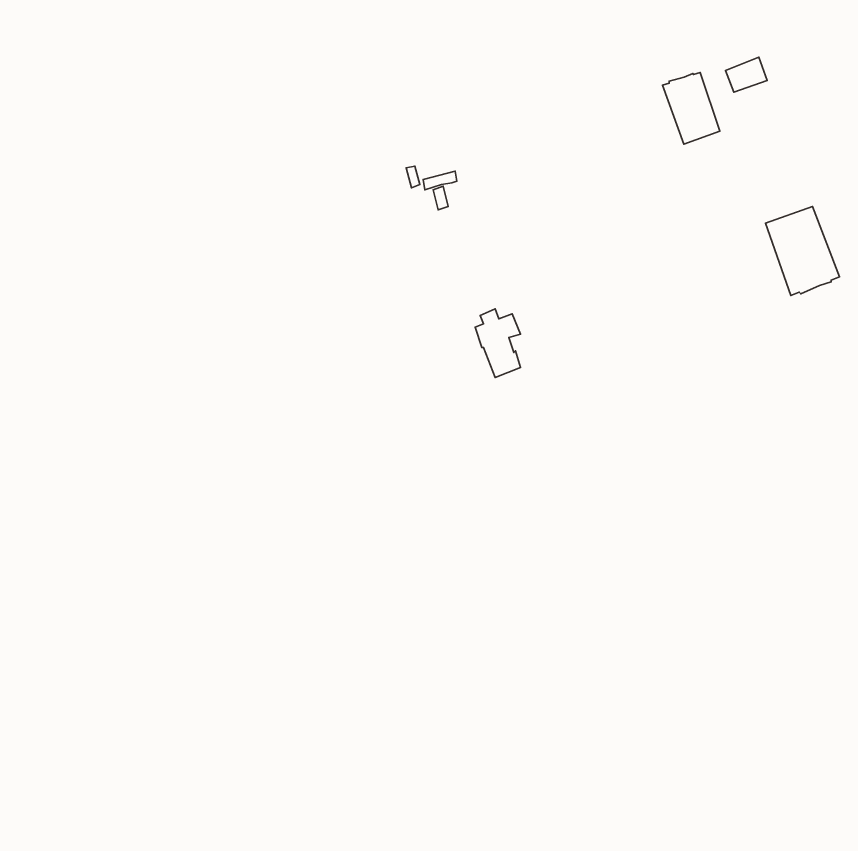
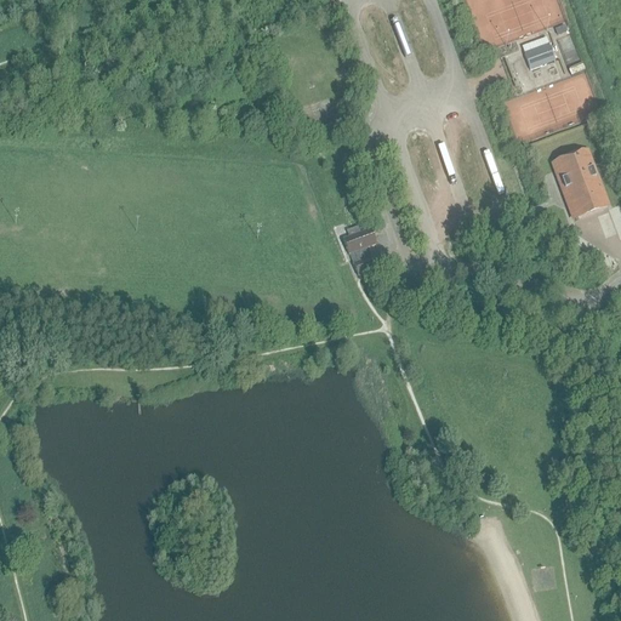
building: [662,73,720,144] -> none

